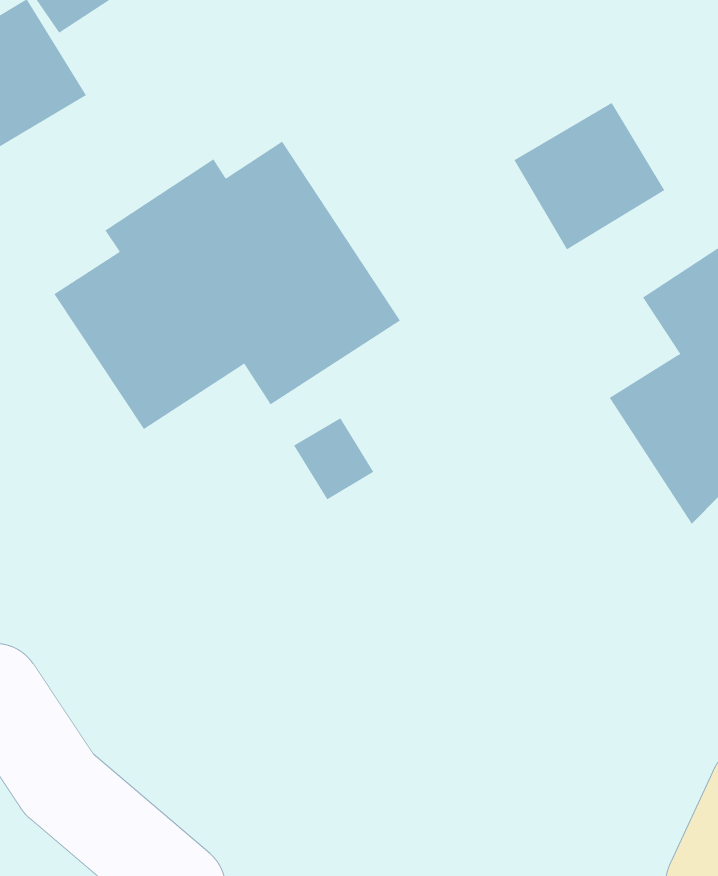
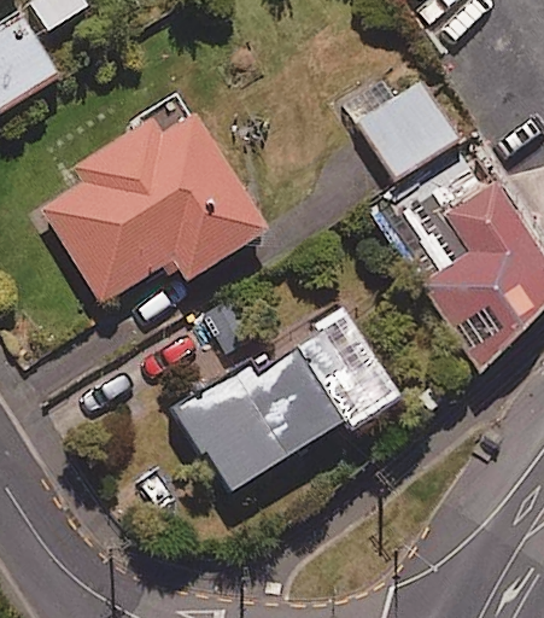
building: none -> [166,310,402,491]

